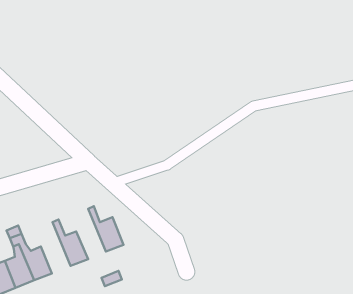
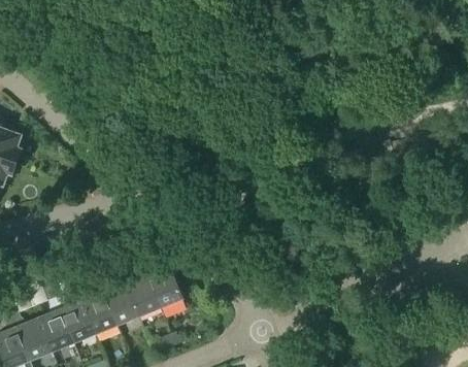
building: none -> [125,257,161,319]
building: none -> [81,273,118,336]

